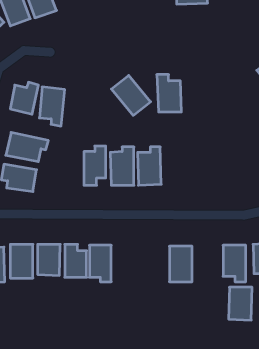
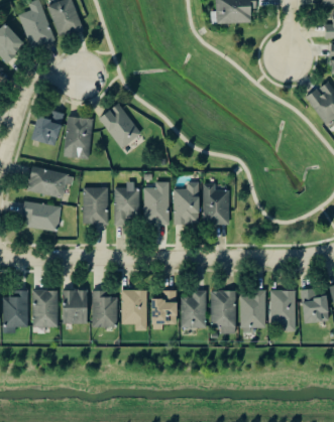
building: [157,75,181,112] -> [203,183,230,225]
building: [111,75,151,115] -> [99,104,142,148]
building: none -> [84,187,108,225]
building: none -> [151,290,178,330]
building: none -> [182,290,207,329]
building: [229,287,252,320] -> [240,293,266,329]

